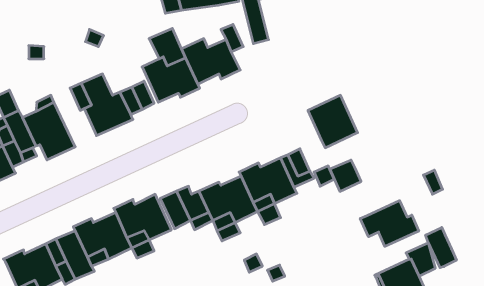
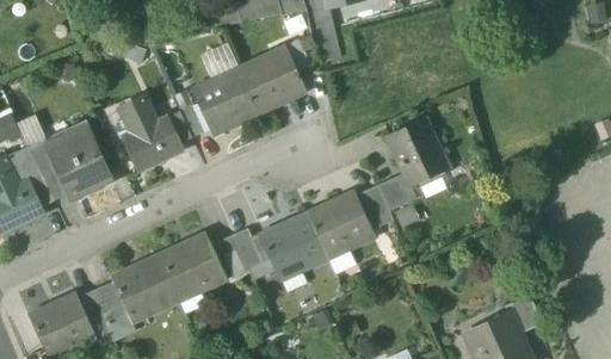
building: [330,160,361,191] -> [377,174,414,211]
building: [360,201,419,246] -> none
building: [426,227,456,268] -> none

